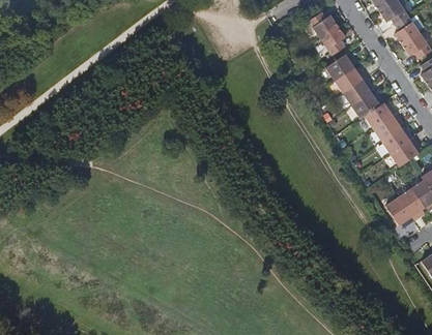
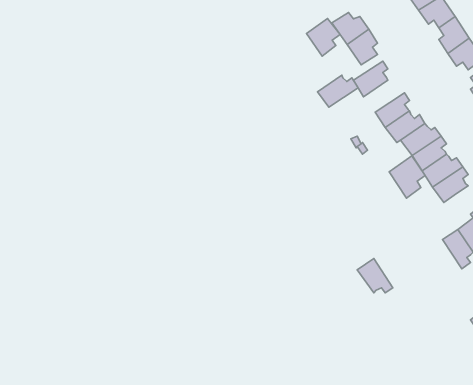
building: none -> [307,19,340,56]
building: [334,67,367,93] -> [318,75,358,107]
building: none -> [389,156,425,198]
building: [384,196,413,224] -> [357,258,393,293]

